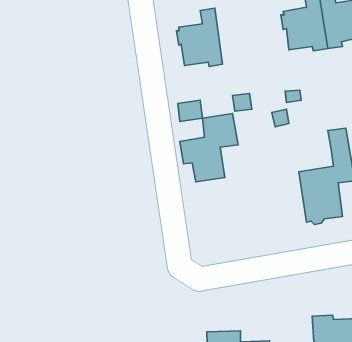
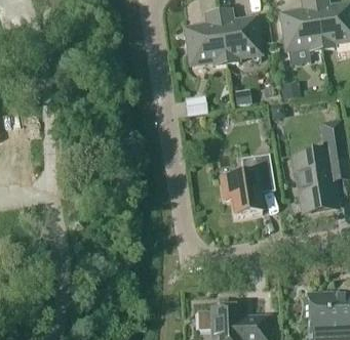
building: none -> [218,9,259,62]
building: [180,114,238,182] -> [220,154,273,216]

